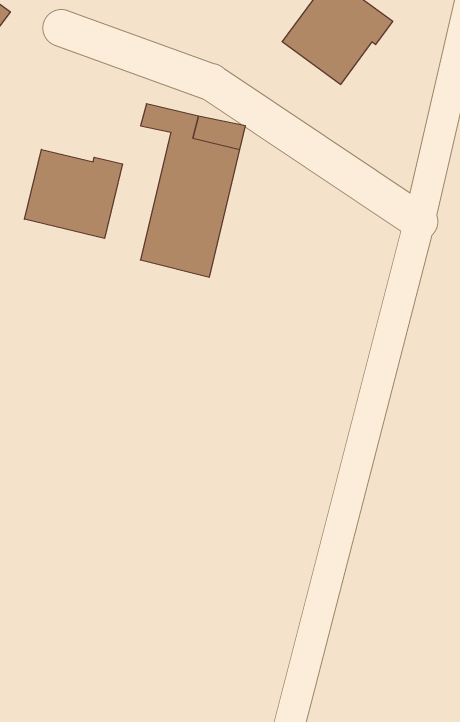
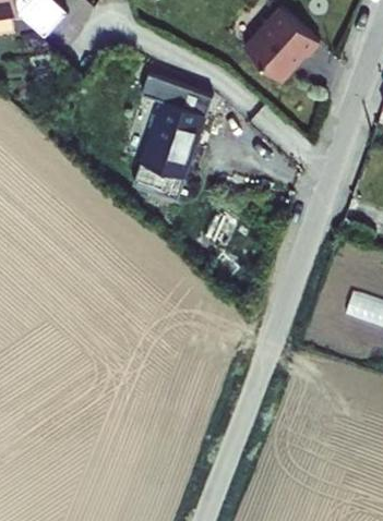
building: [24,149,122,238] -> none

